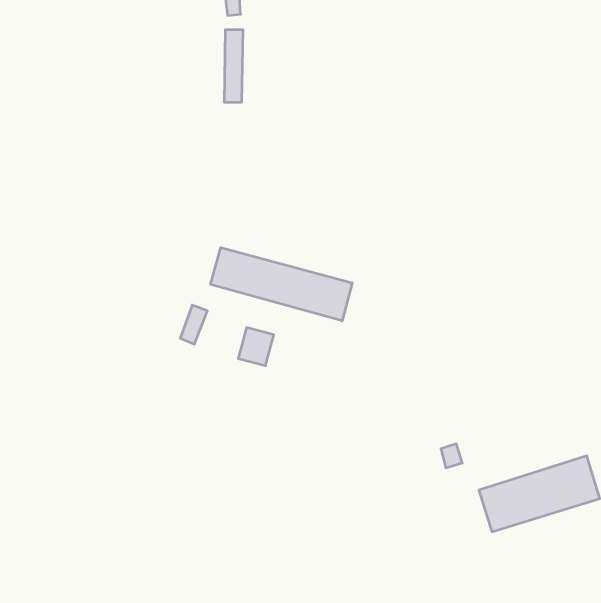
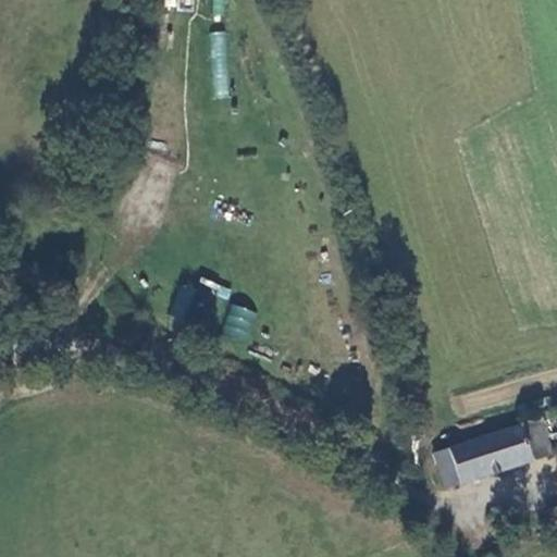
building: [211,248,352,321] -> none

